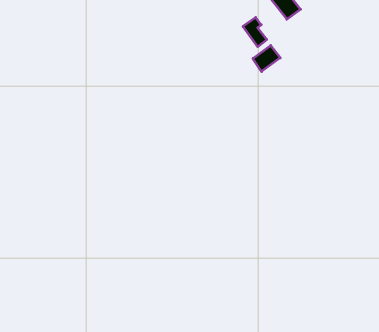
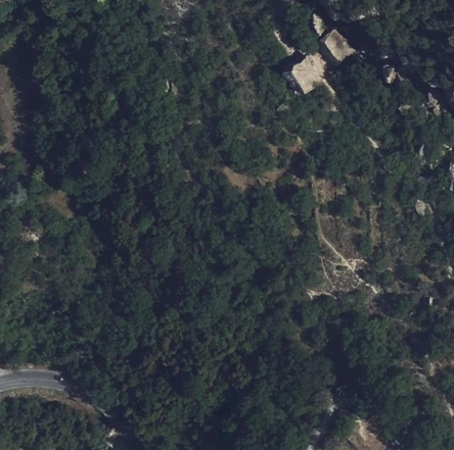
building: [253,45,280,72] -> none

